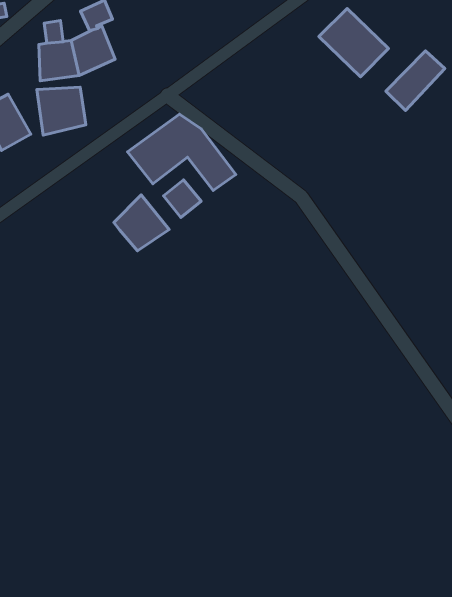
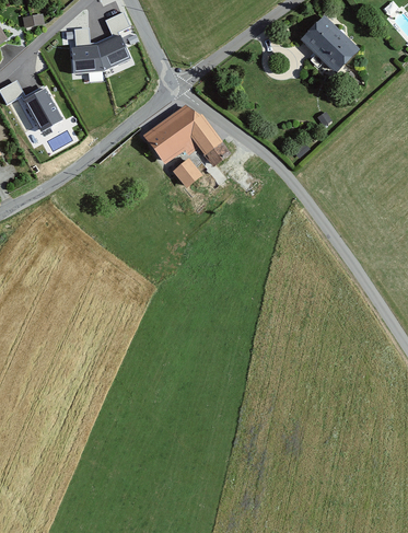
building: [386,51,445,110] -> none
building: [37,87,86,135] -> none
building: [114,195,169,251] -> none

